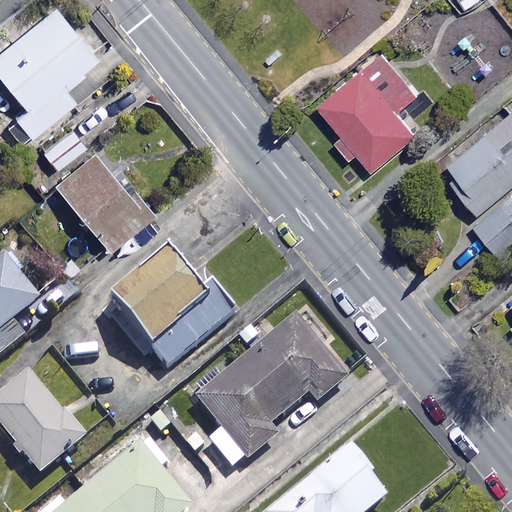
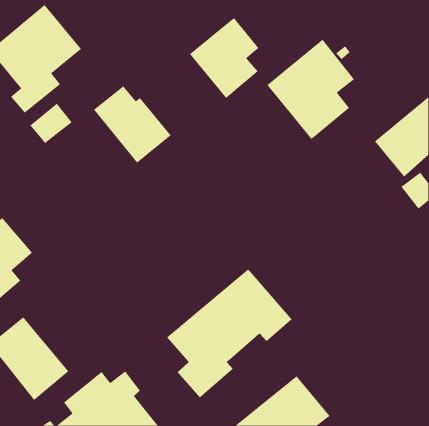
building: none -> [189,17,259,99]
building: [55,152,148,245] -> [93,85,172,164]
building: [111,251,236,372] -> none

